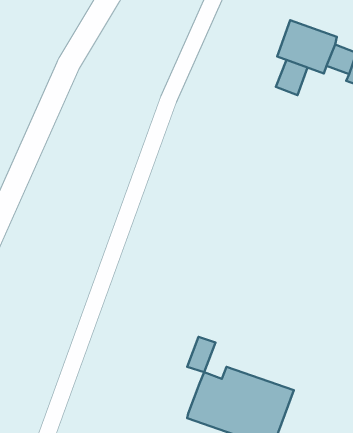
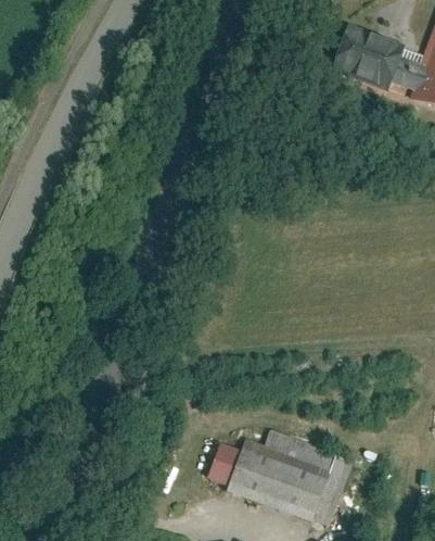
building: [276,60,307,95] -> none
building: [187,337,215,372] -> [208,443,241,485]

